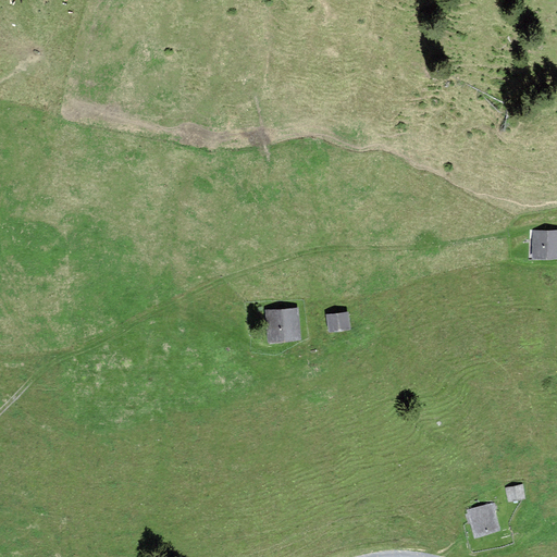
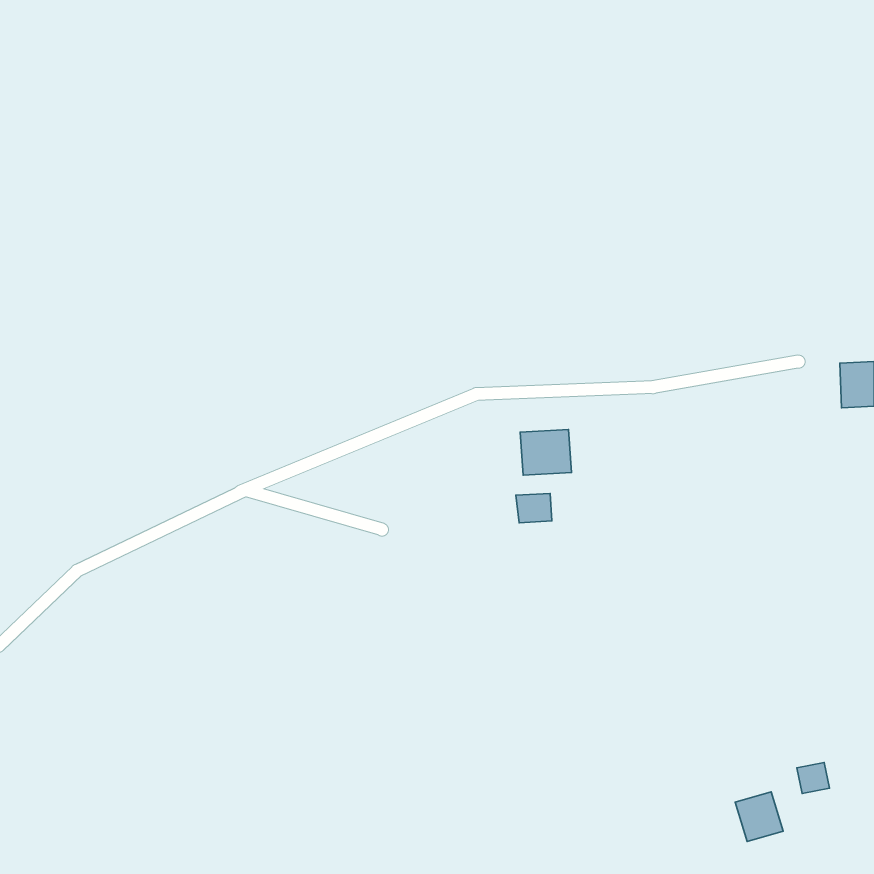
building: none -> [520,429,571,475]
building: [267,307,301,341] -> none

